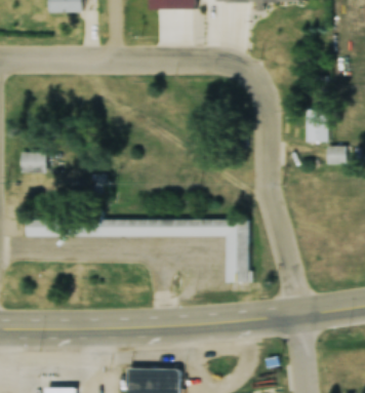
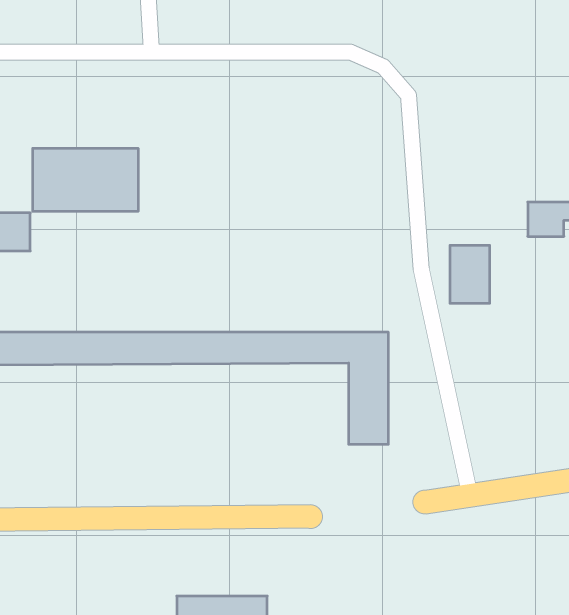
building: [306,109,328,142] -> [450,245,490,303]
building: none -> [33,148,138,211]

